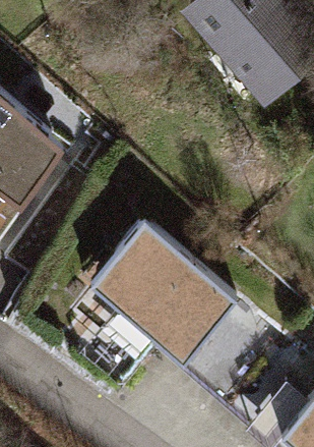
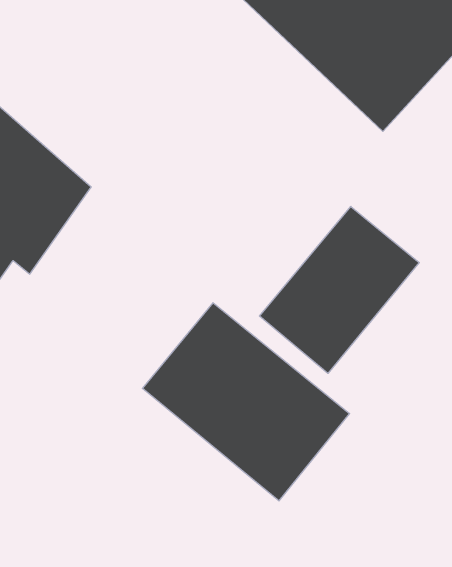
building: none -> [259,206,419,373]

